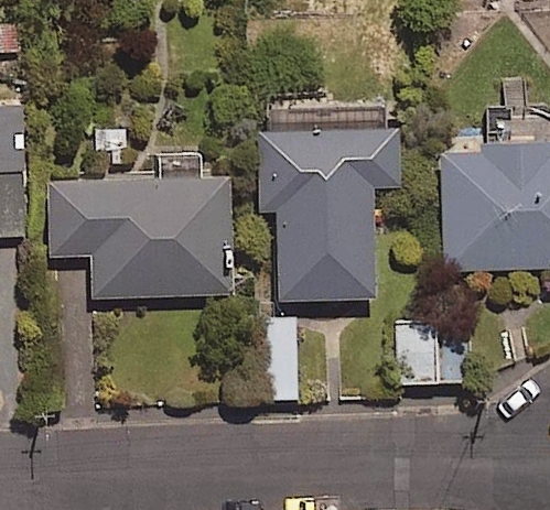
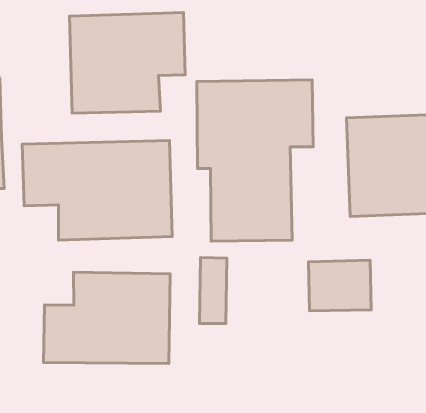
building: none -> [70,13,185,113]
building: none -> [44,272,170,364]

